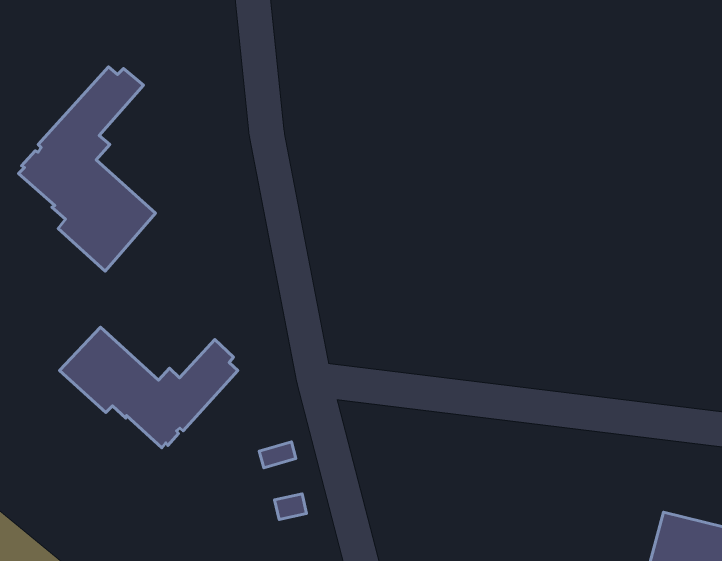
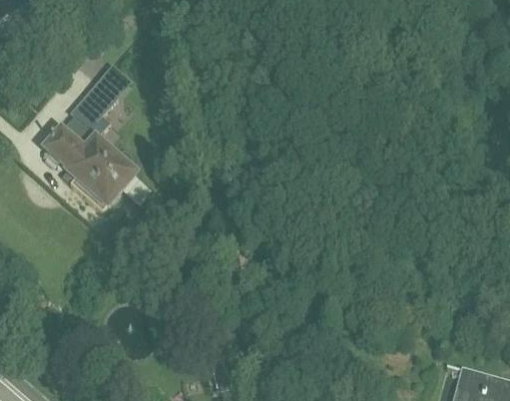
building: [59,327,238,448] -> none

